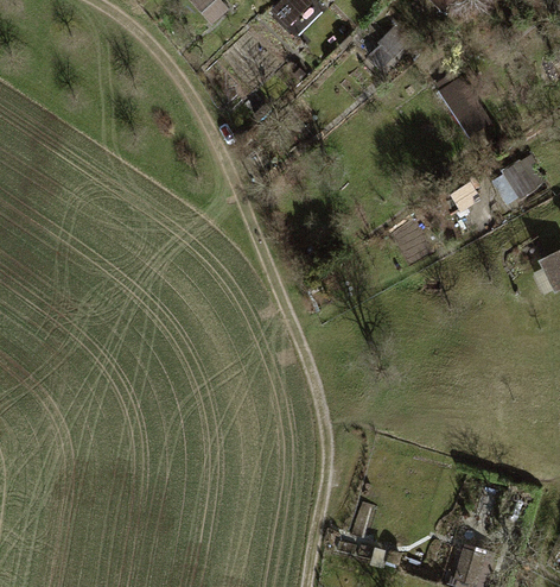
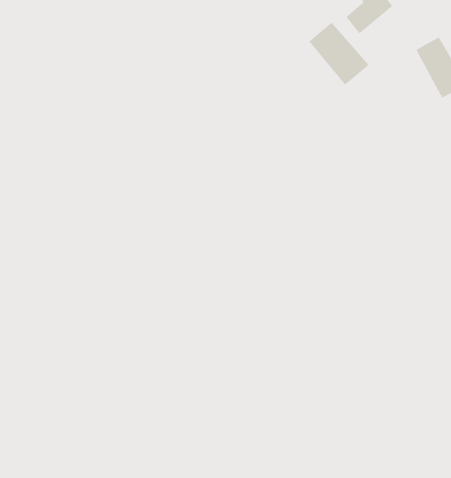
building: none -> [309,22,369,85]

